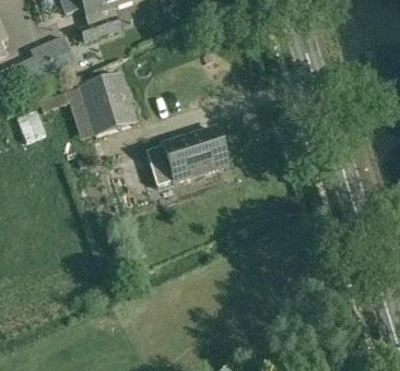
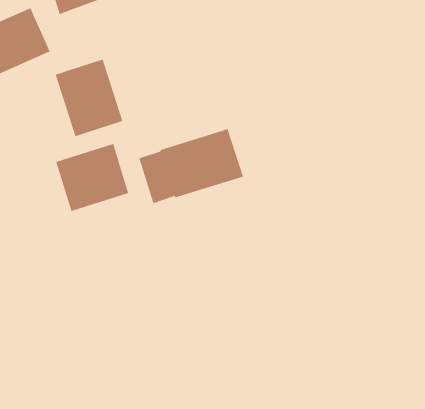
building: none -> [56,143,129,212]

